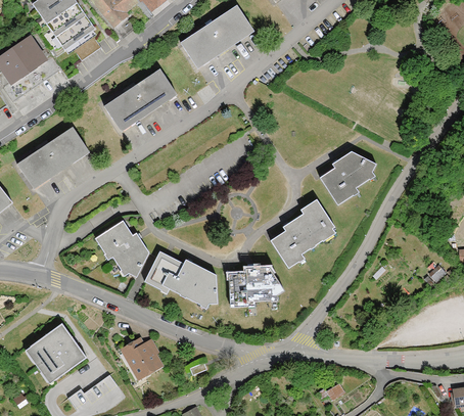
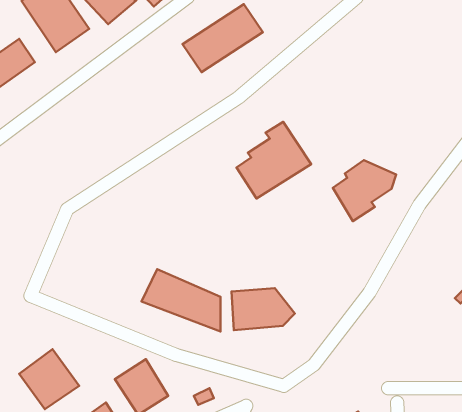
building: [104,70,176,130] -> none
building: [17,127,89,187] -> none
building: [270,197,338,268] -> [237,122,311,199]
building: [95,221,146,280] -> none

